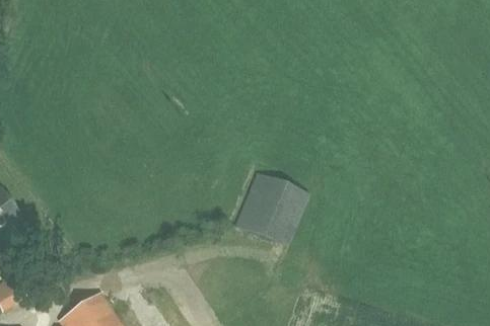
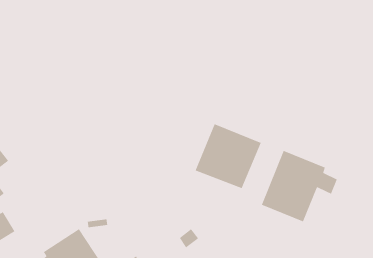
building: none -> [261,150,338,222]

